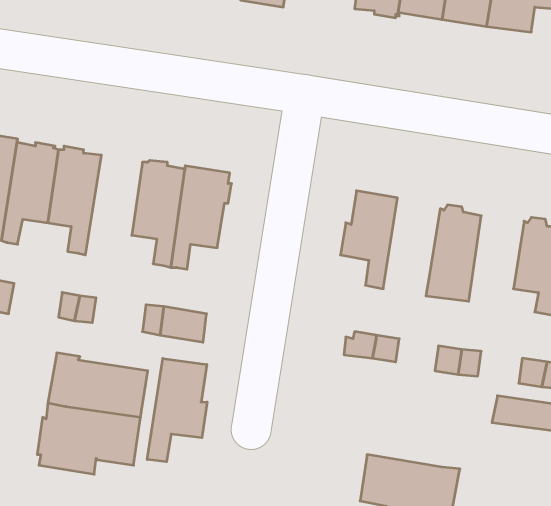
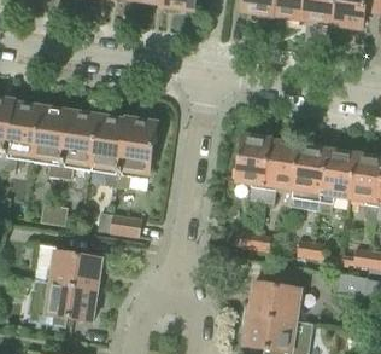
building: none -> [59,110,98,179]
building: none -> [260,139,299,203]
building: none -> [318,150,356,211]
building: [147,358,207,462] -> none
building: none -> [250,282,303,321]

